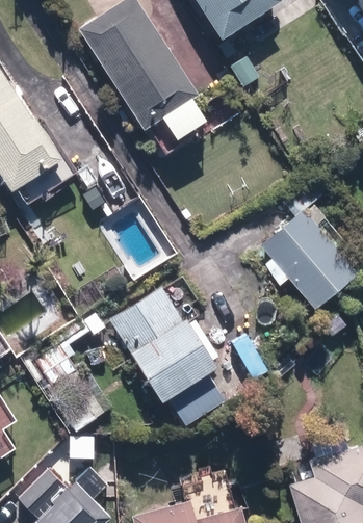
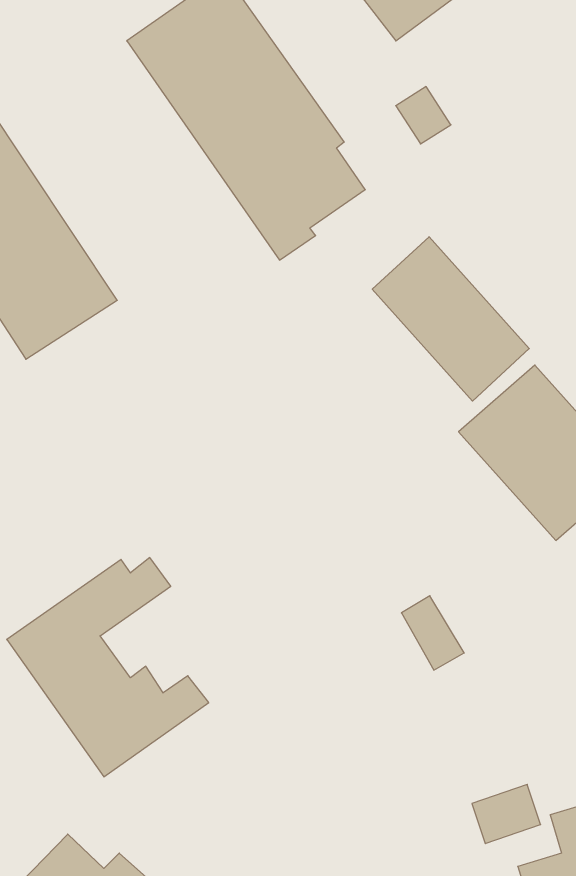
building: none -> [372,237,529,401]
building: [108,281,227,429] -> none

